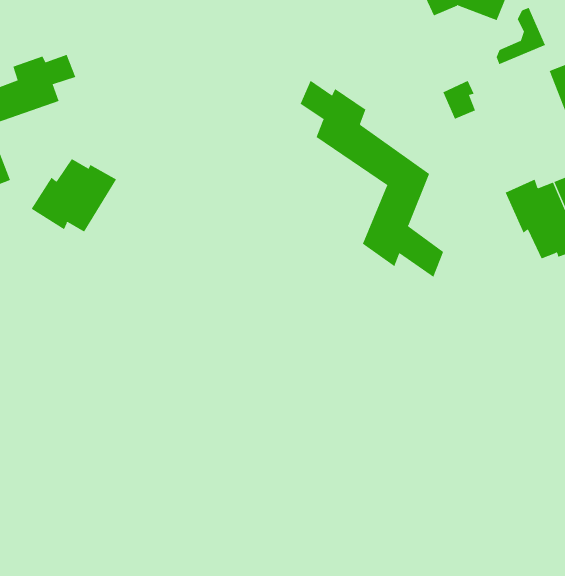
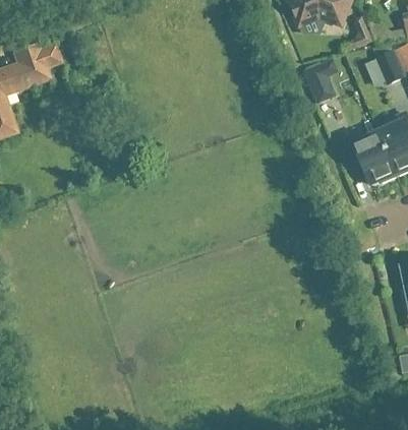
building: [300,80,444,278] -> none
building: [31,158,117,233] -> none

